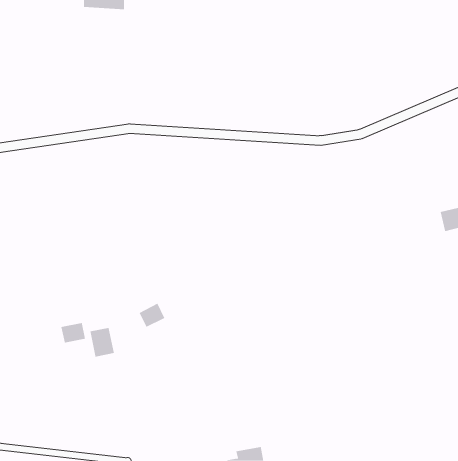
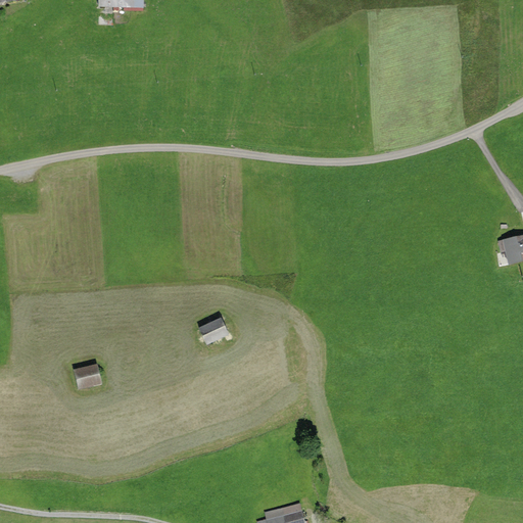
building: [139,303,165,327] -> [198,317,228,344]
building: [90,327,114,357] -> none

